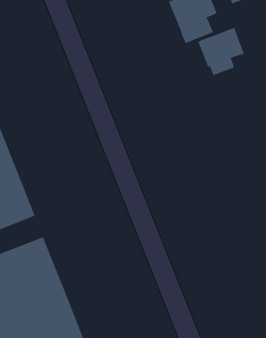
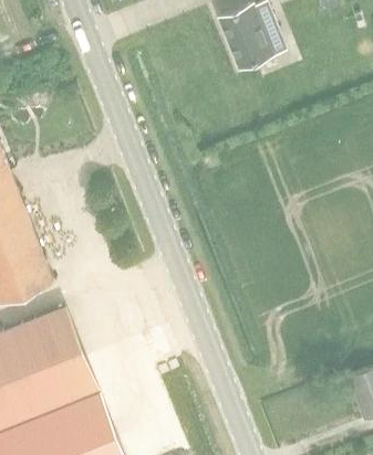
building: [197,27,244,76] -> none

